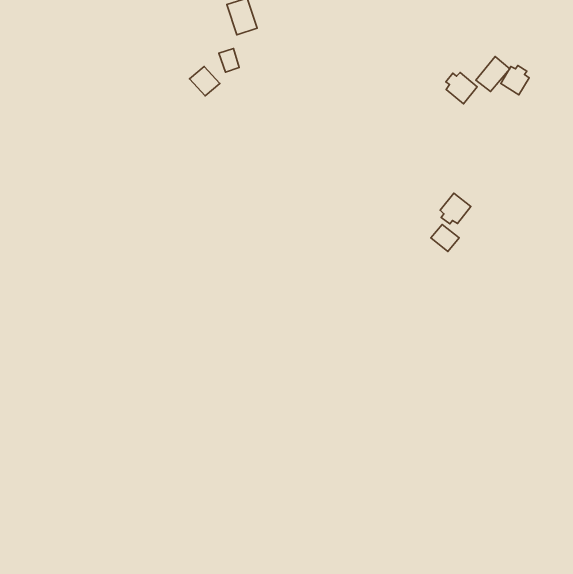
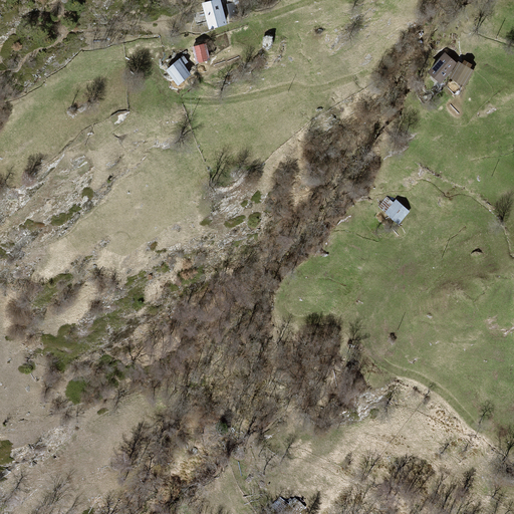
building: [446,72,477,104] -> none
building: [440,193,471,224] -> none

